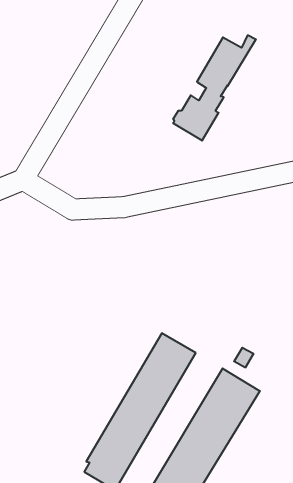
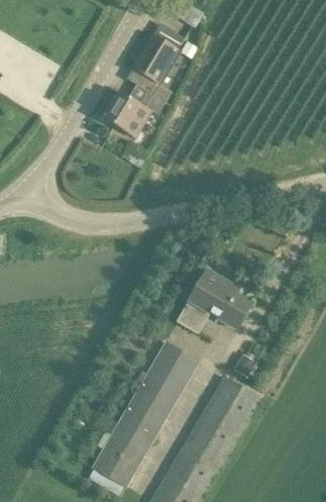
building: [173,35,256,141] -> [105,31,186,134]
building: none -> [179,269,251,330]

